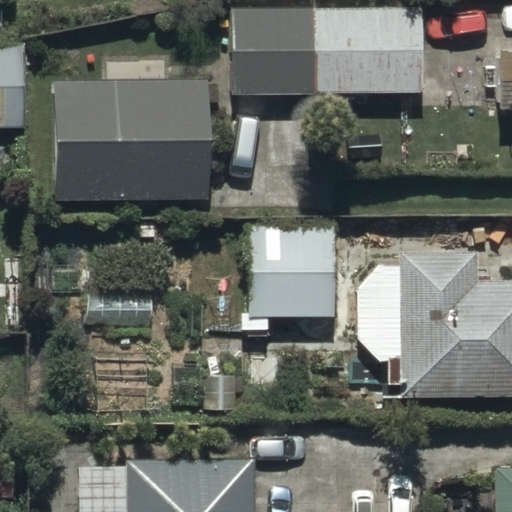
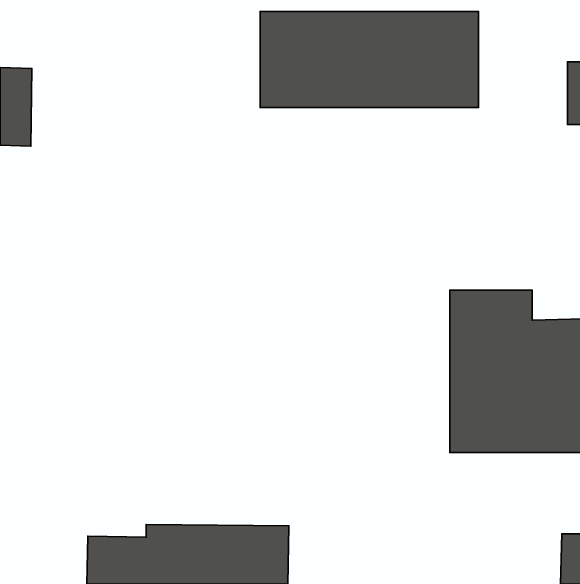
building: [54,80,207,197] -> none
building: [249,231,335,313] -> none

